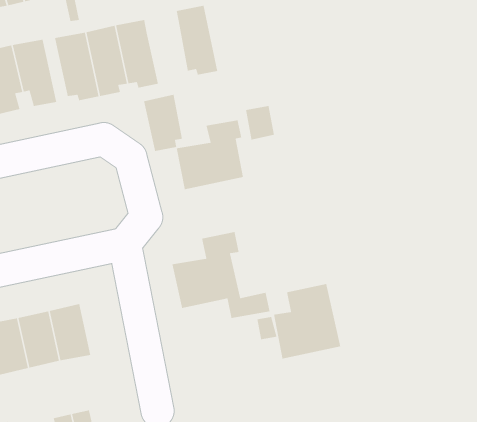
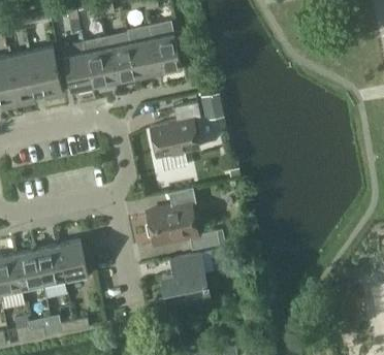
building: [143,94,183,152] -> [130,37,159,79]
building: [273,283,341,360] -> [162,253,212,309]

